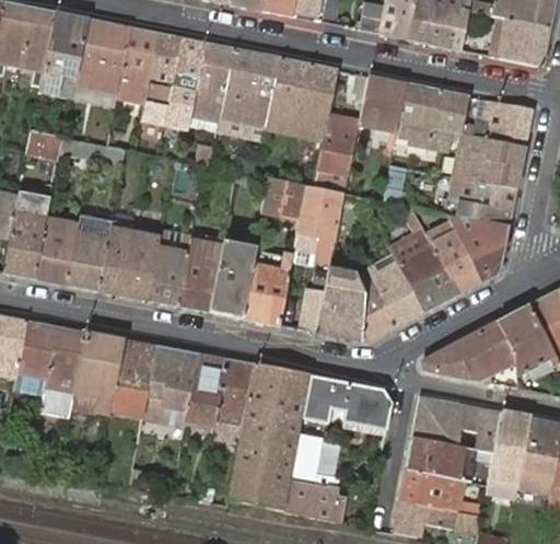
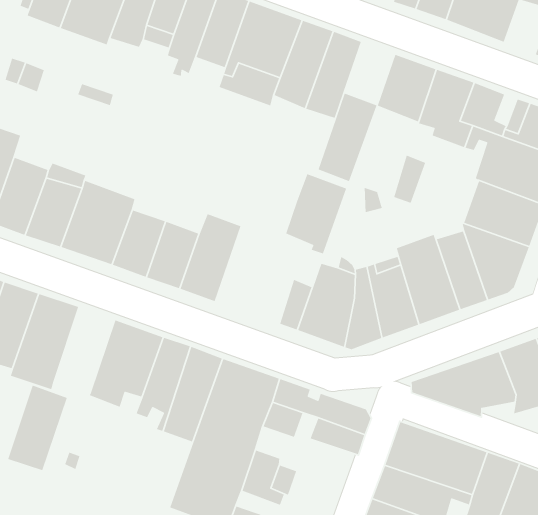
building: [262,177,306,217] -> none
building: [242,246,293,323] -> none
building: [112,338,156,413] -> [7,385,68,471]

